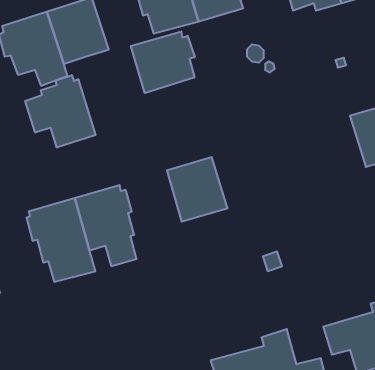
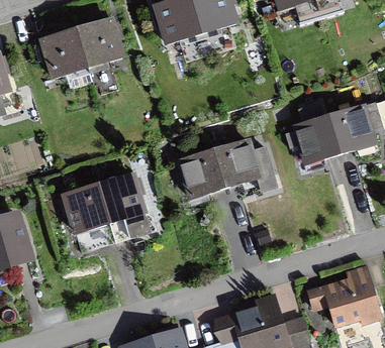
building: [131,31,195,93] -> none
building: [25,75,96,148] -> none
building: none -> [284,101,342,170]
building: none -> [213,136,283,193]

